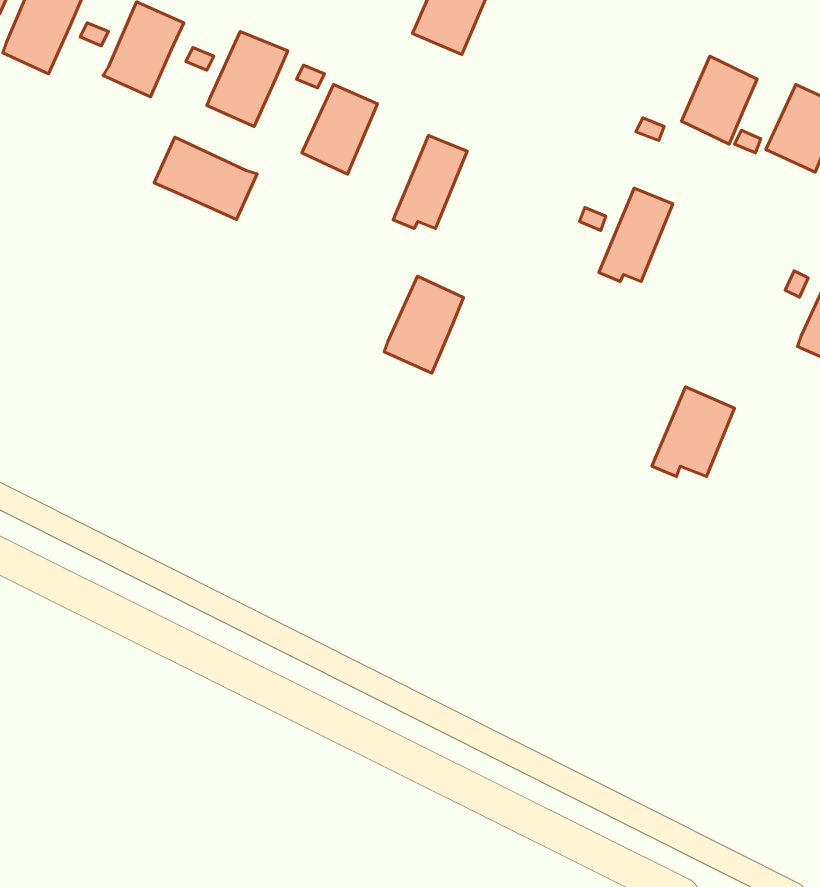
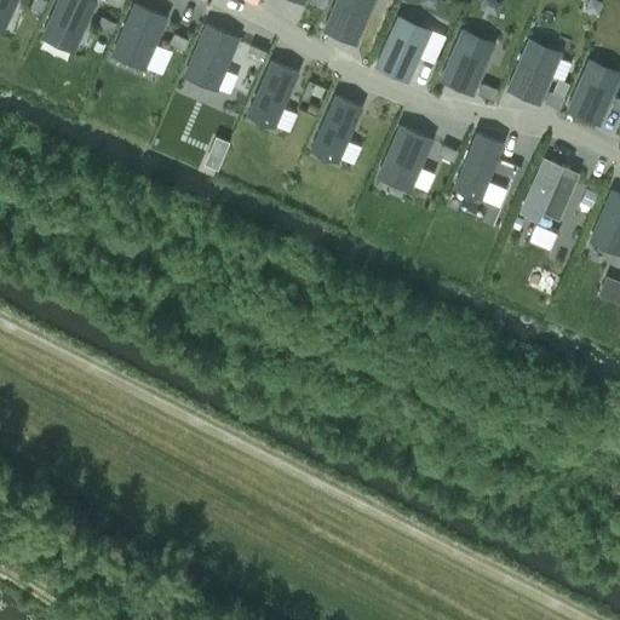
building: none -> [377,19,430,79]
building: none -> [441,33,494,92]
building: [154,137,257,220] -> none
building: [384,276,463,373] -> [379,125,434,191]
building: [652,387,735,477] -> [522,157,579,219]

